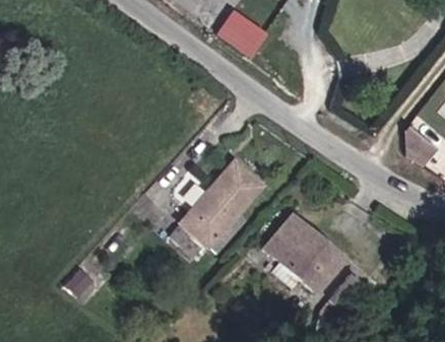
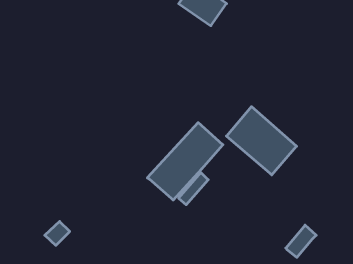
building: [265,217,342,292] -> [226,107,297,175]

